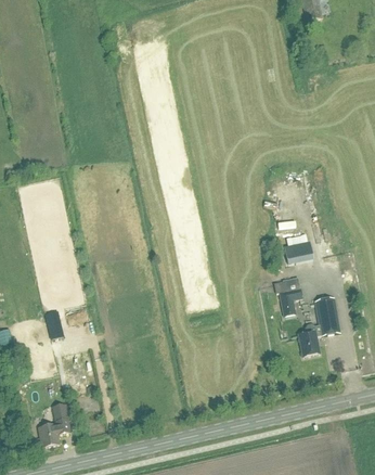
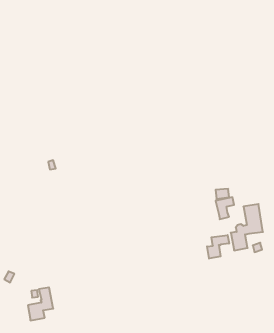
building: [284,234,313,264] -> none
building: none -> [207,235,229,259]

